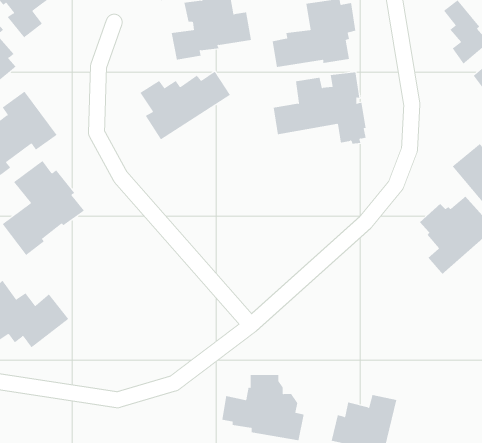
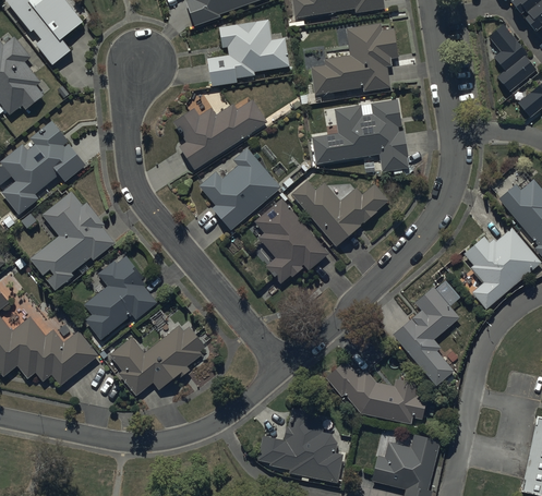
building: none -> [197,147,281,230]
building: none -> [291,180,387,246]
building: none -> [253,198,328,283]
building: none -> [84,255,158,340]
building: none -> [390,280,460,387]
building: none -> [109,325,206,396]
building: none -> [324,360,425,424]

